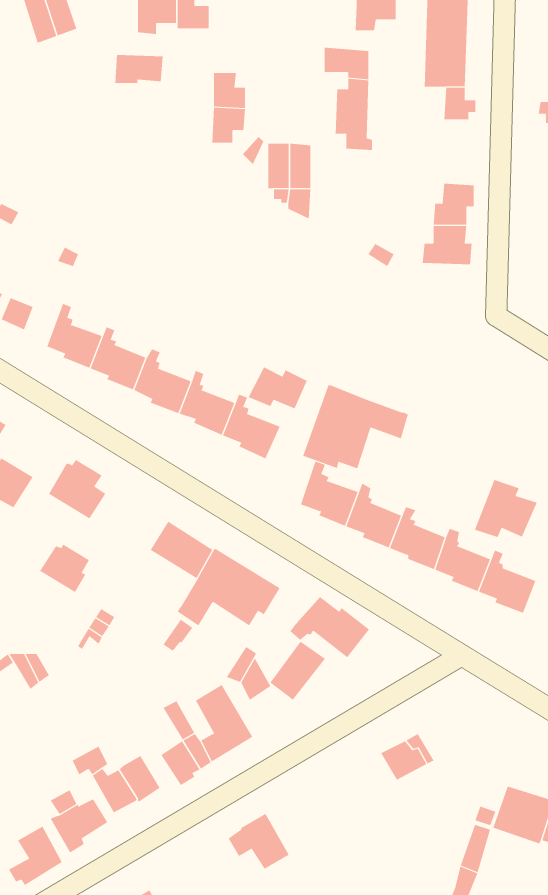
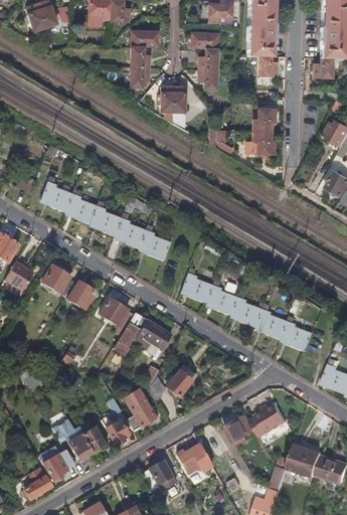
building: [114,54,163,84] -> [133,32,160,48]
building: [248,367,307,409] -> none
building: [302,384,409,469] -> none
building: [474,479,538,538] -> none
building: [39,544,90,593] -> [64,281,93,308]
building: [290,596,370,658] -> none
building: none -> [255,402,287,433]
building: none -> [175,443,210,472]

